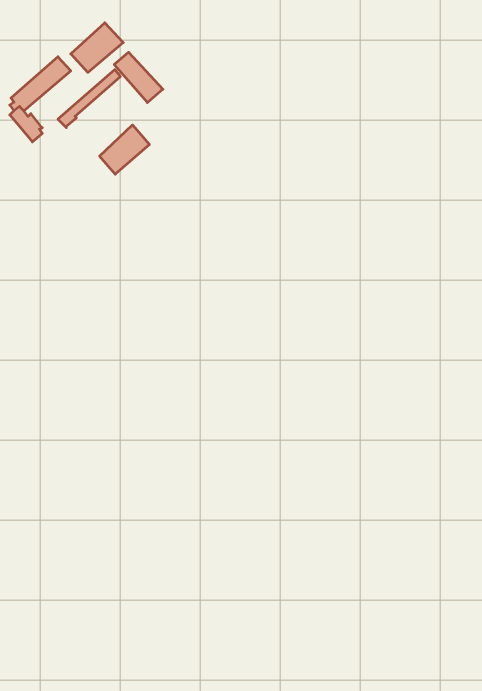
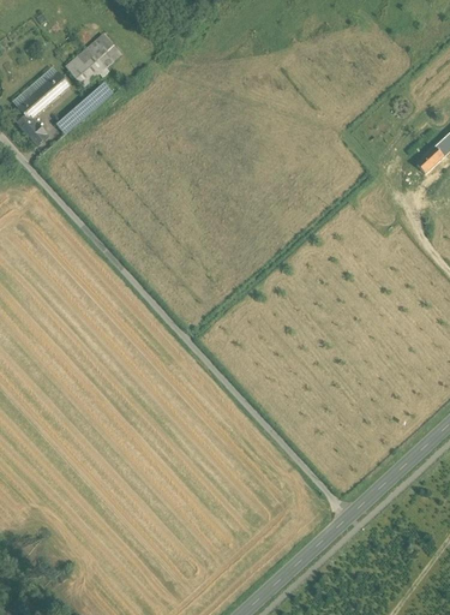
building: [114,52,163,103] -> none
building: [100,125,149,174] -> none

